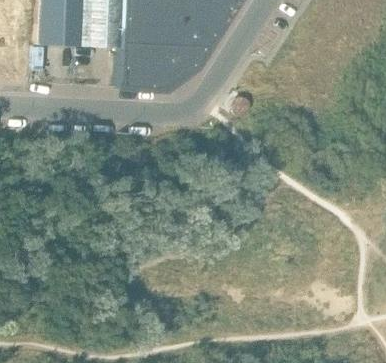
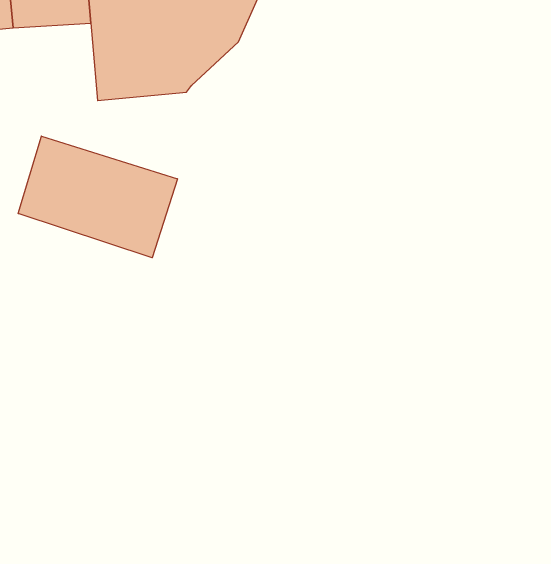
building: none -> [18,136,177,258]

